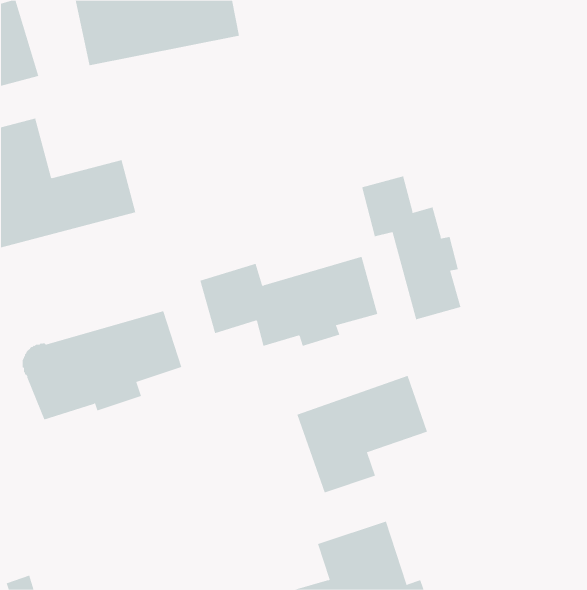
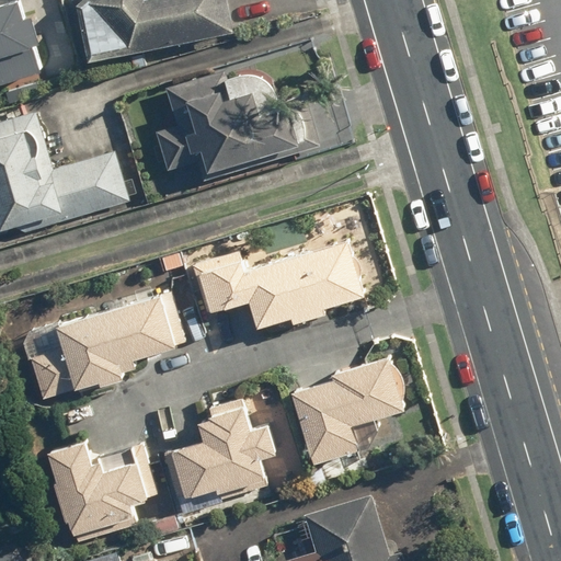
building: none -> [156,72,296,176]
building: [362,175,461,320] -> none
building: none -> [163,400,282,499]
building: none -> [42,438,149,537]

